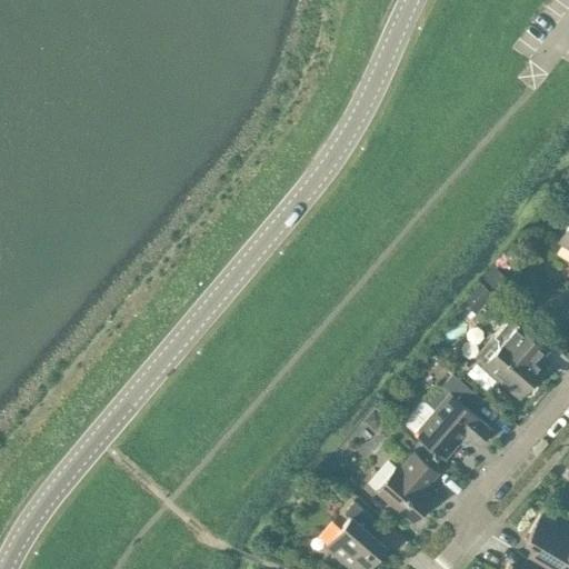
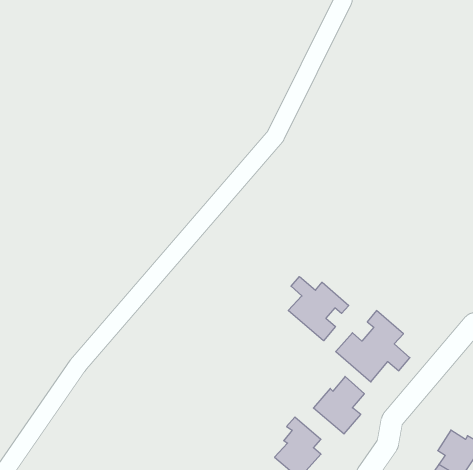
building: [479,321,549,401] -> none
building: none -> [288,277,349,341]

